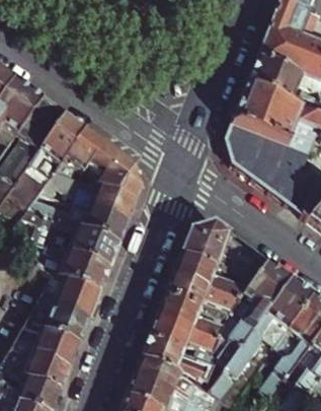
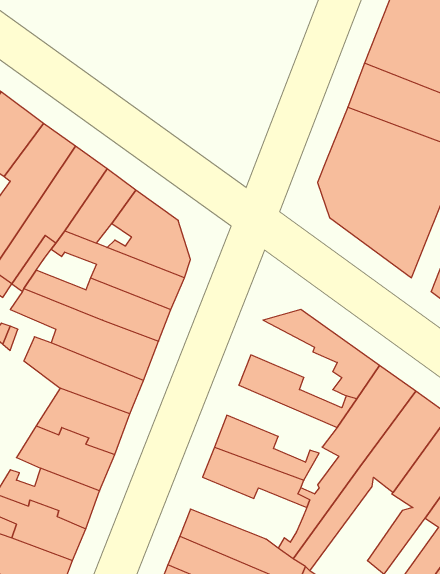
building: [183,228,244,275] -> none
building: [167,272,241,318] -> none
building: [143,334,214,382] -> none

